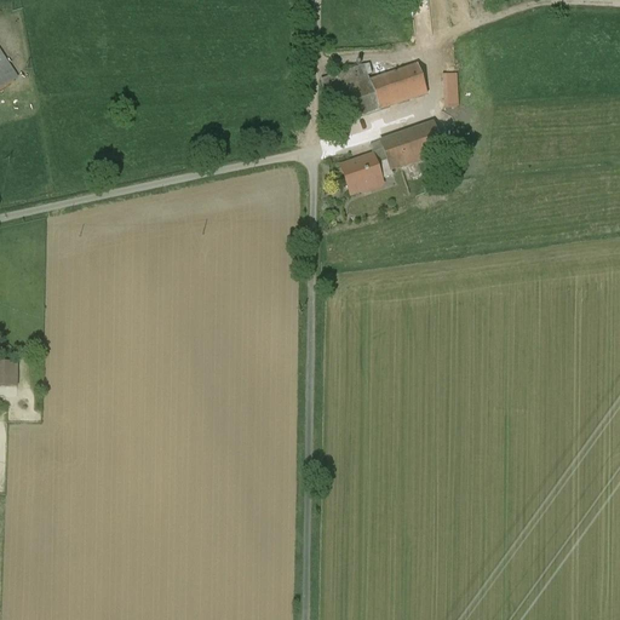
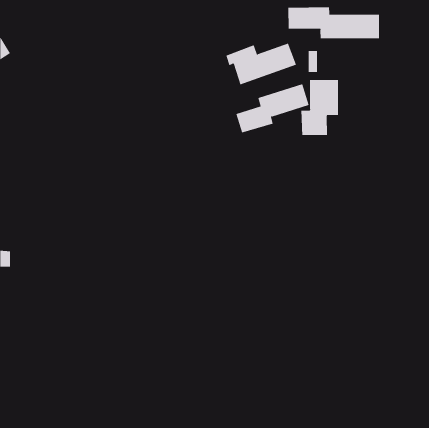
building: none -> [288,6,380,39]
building: none -> [301,79,338,136]

